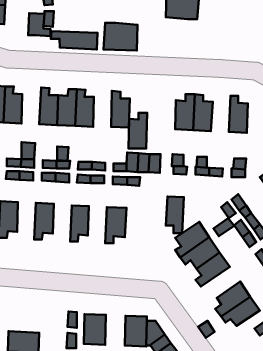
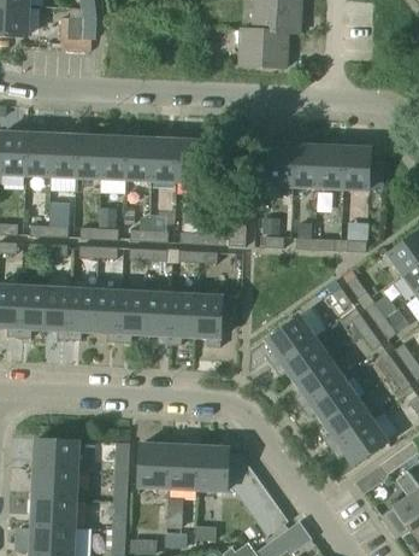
building: [103,23,138,50] -> [237,27,285,65]
building: [51,31,98,49] -> none
building: none -> [51,125,78,177]
building: none -> [318,136,346,188]
building: [128,113,147,149] -> [152,130,178,181]
building: [166,196,184,233] -> [196,295,222,347]
building: none -> [45,287,71,340]
building: none -> [95,289,122,343]
building: none -> [144,293,171,345]
building: none -> [303,379,359,422]
building: none -> [33,440,77,472]
building: none -> [169,446,197,490]

